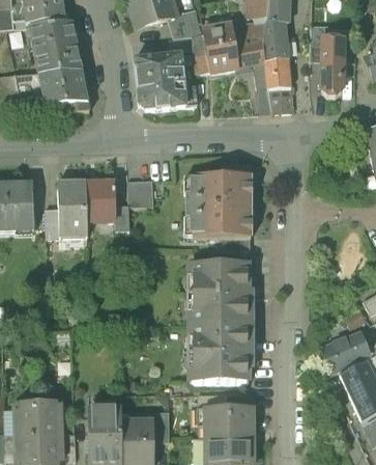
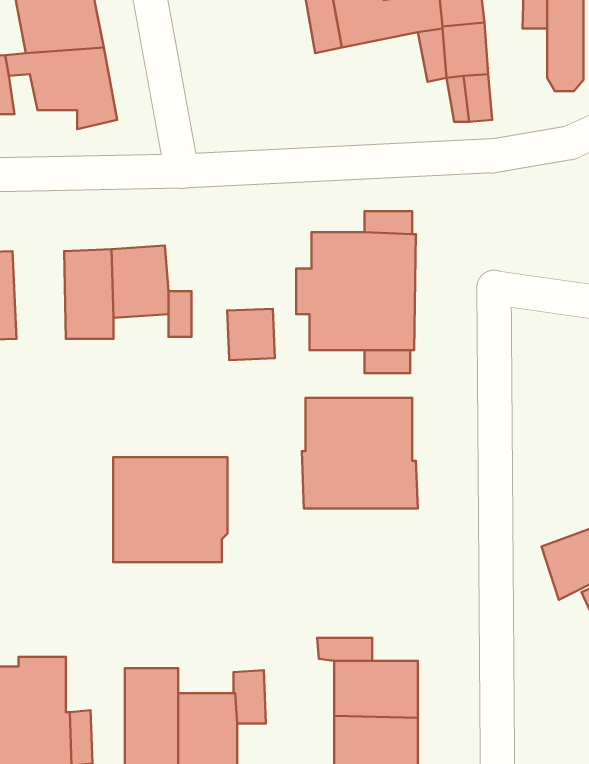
building: [133,55,197,111] -> none
building: [127,177,153,206] -> [227,309,275,360]
building: [190,323,252,380] -> [113,457,227,562]

